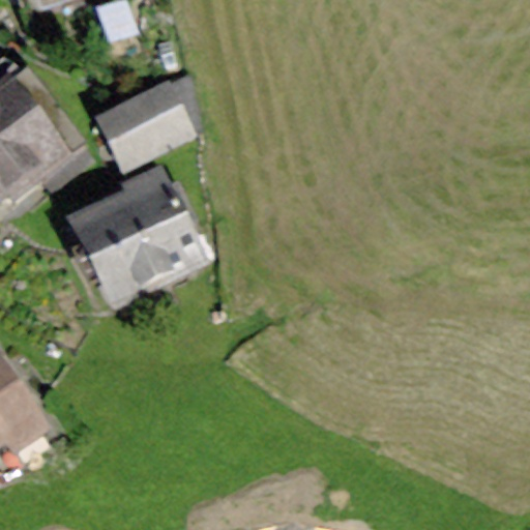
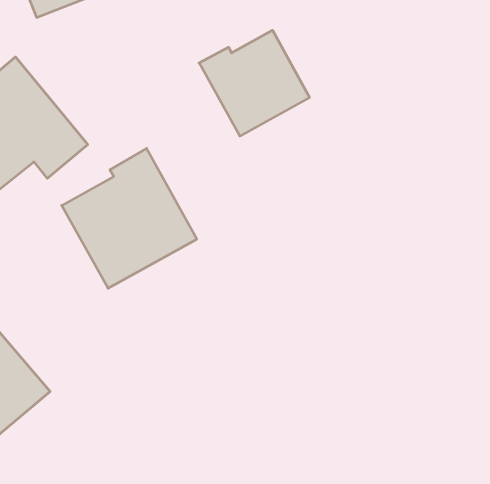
building: none -> [199,30,309,136]
building: [94,64,197,173] -> none

